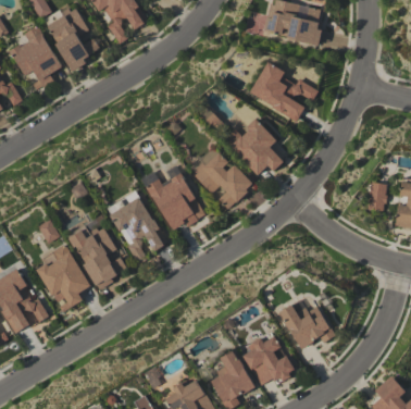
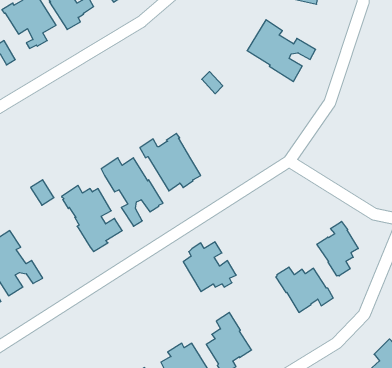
building: [223,119,284,175] -> none
building: [194,151,254,209] -> none
building: [368,182,387,210] -> none
building: [36,245,90,312] -> none
building: none -> [317,221,358,276]
building: [242,336,295,385] -> [183,242,236,292]

